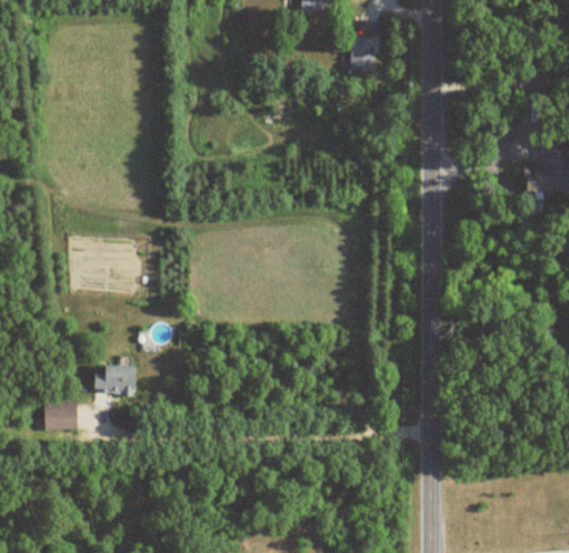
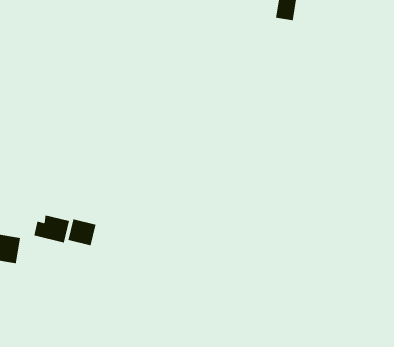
building: none -> [68,218,96,246]

